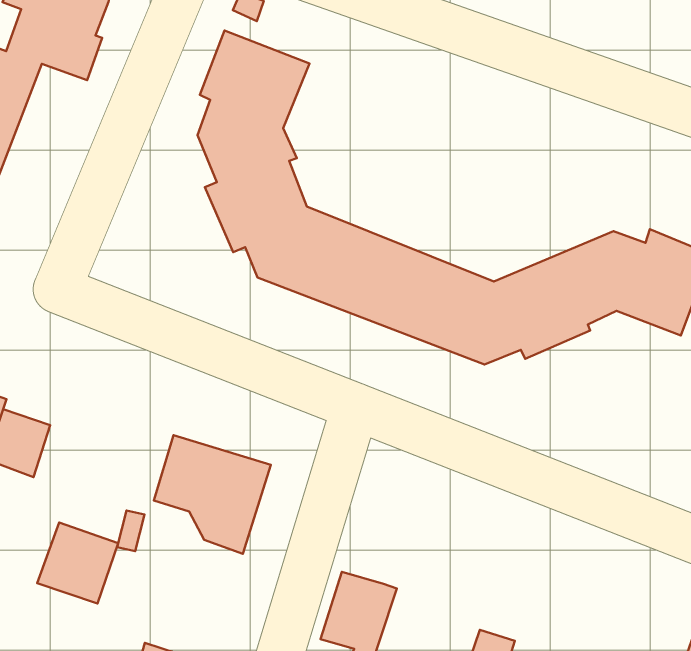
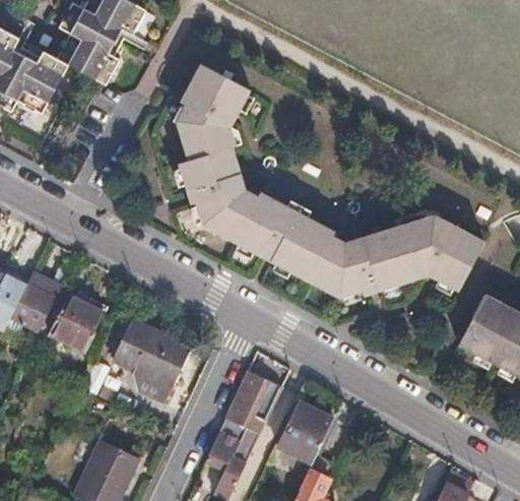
building: none -> [226,368,282,432]
building: [37,522,118,604] -> [51,293,106,348]
building: none -> [279,399,333,459]

